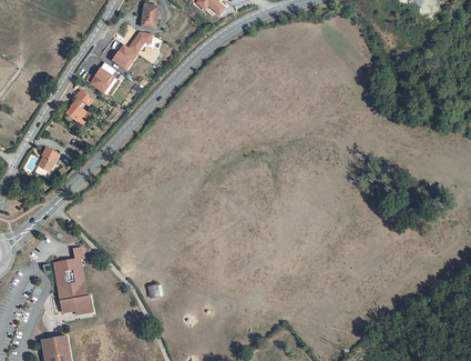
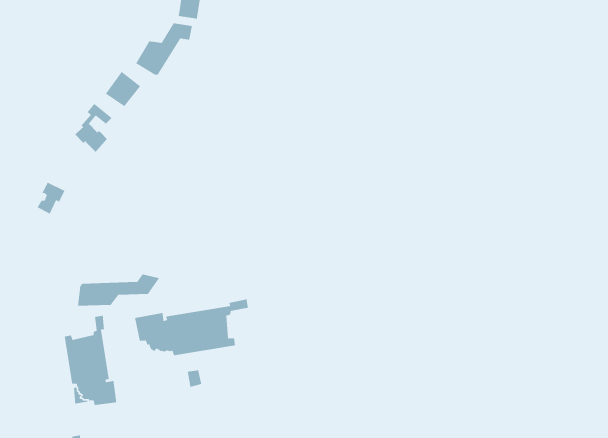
building: none -> [77,274,160,306]
building: none -> [134,298,249,356]

